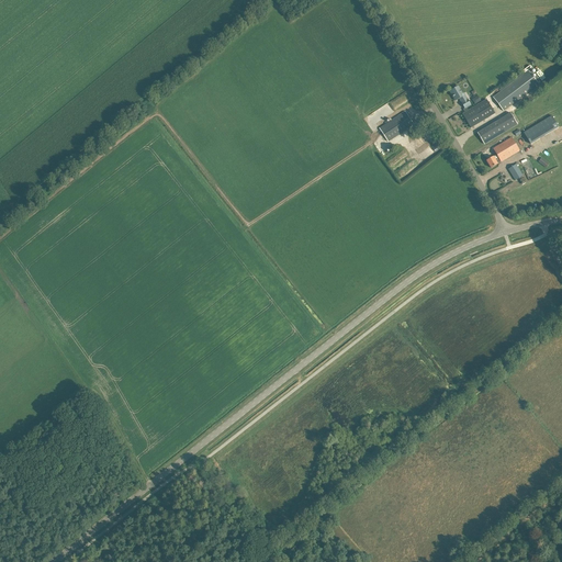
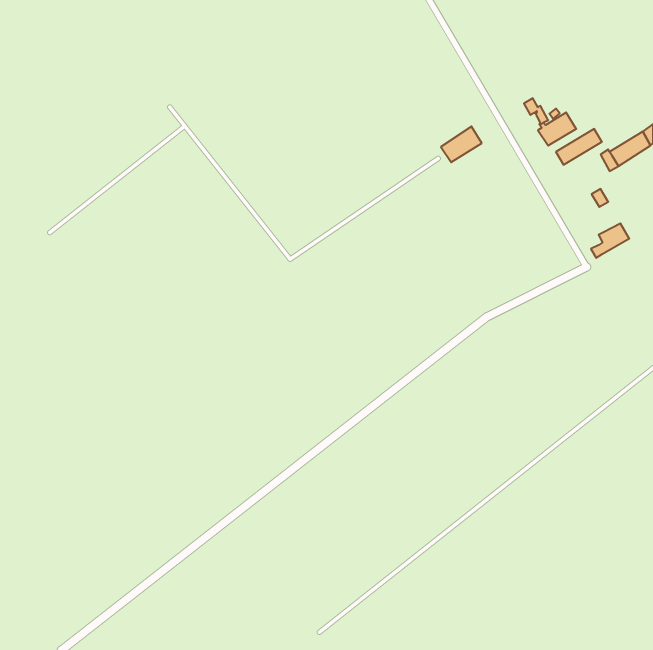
building: [493,64,539,109] -> none
building: [486,136,519,166] -> [591,223,629,258]

